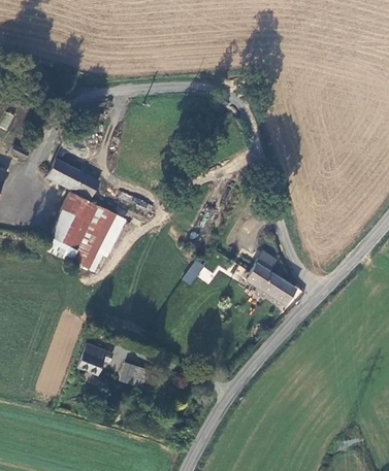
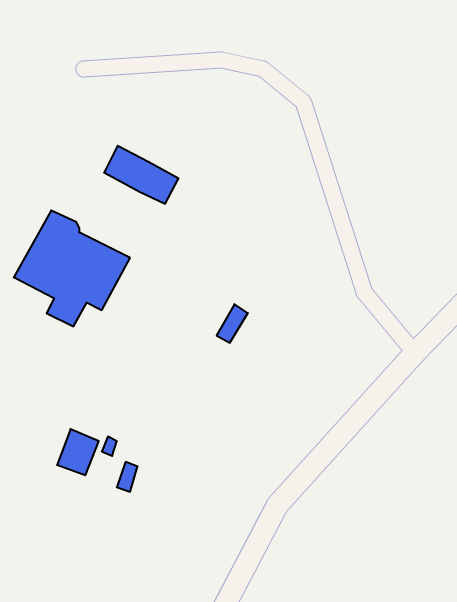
building: [47,158,99,198] -> [104,146,179,204]
building: [246,251,296,305] -> none

